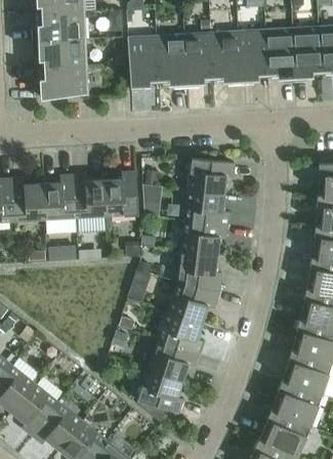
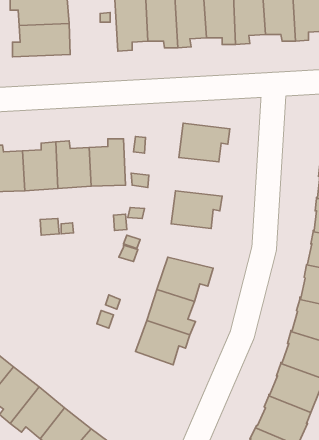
building: [185,190,230,225] -> none
building: [178,251,222,292] -> none
building: [138,369,183,413] -> none

